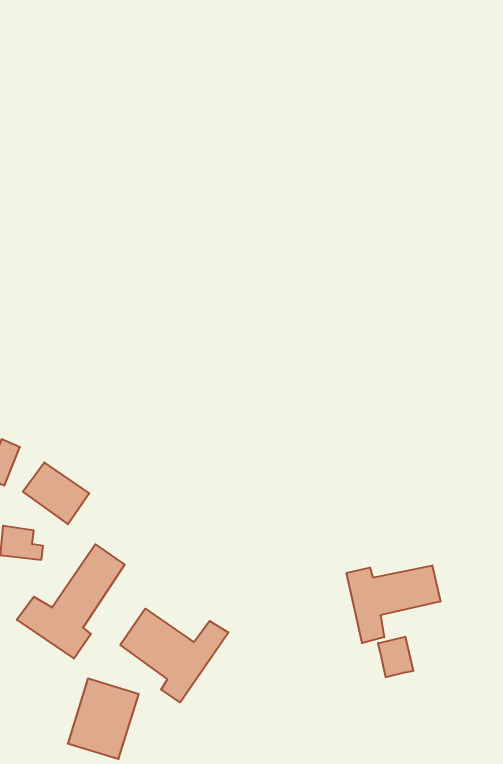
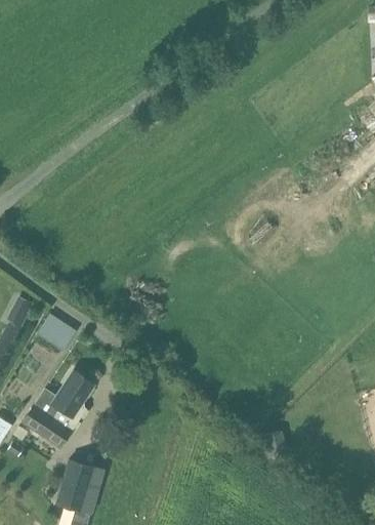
building: [346,565,440,643] -> none
building: [120,609,228,702] -> none

